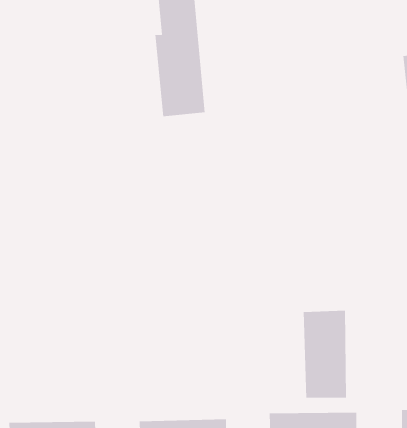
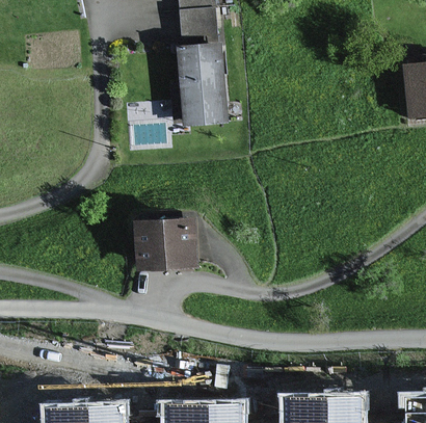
building: none -> [137,221,196,267]
building: [303,310,347,398] -> none

